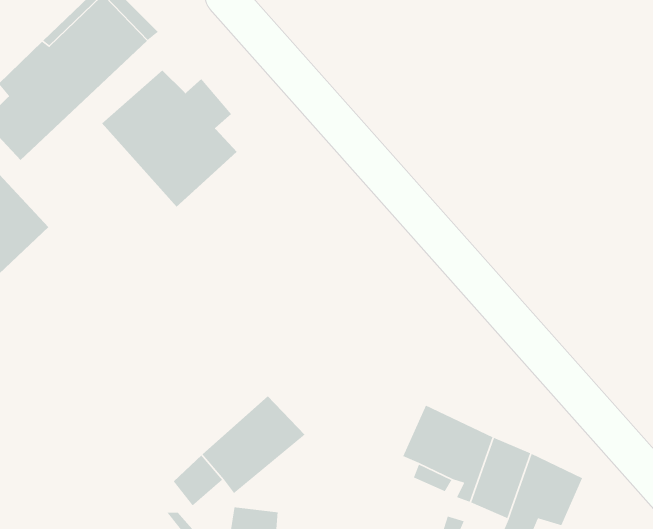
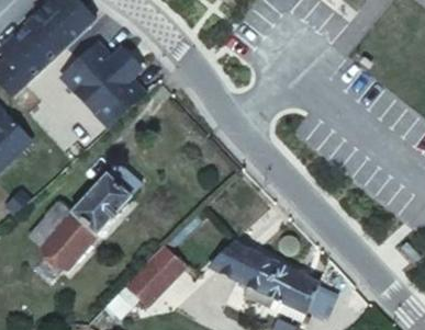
building: none -> [12,169,133,269]
building: none -> [216,243,261,284]

